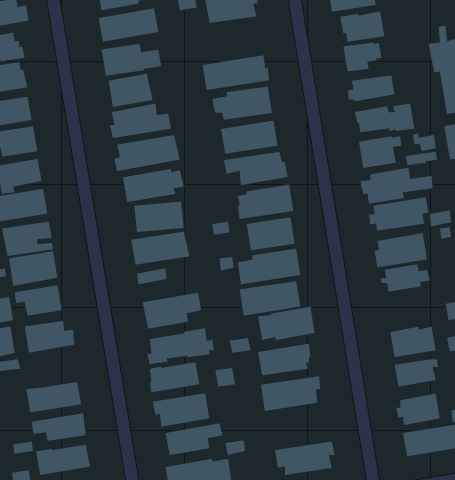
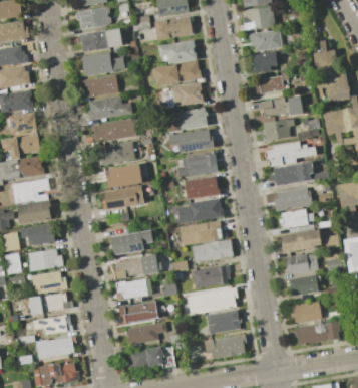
building: none -> [157,39,197,62]
building: none -> [280,229,321,253]
building: none -> [31,270,67,294]
building: none -> [206,309,241,333]

